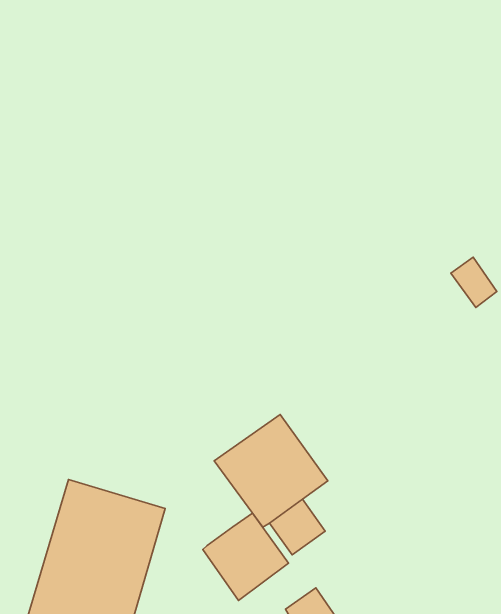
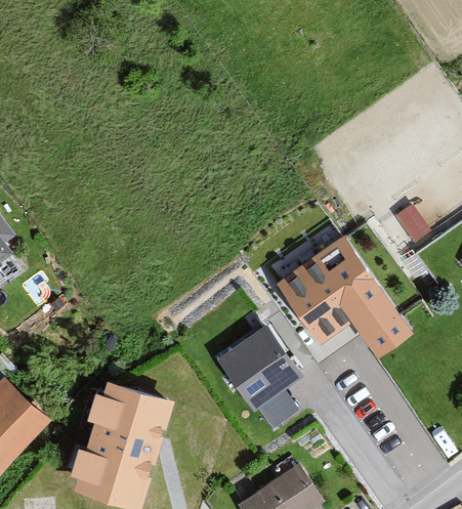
building: none -> [276,235,412,354]
building: [203,513,289,600] -> none

